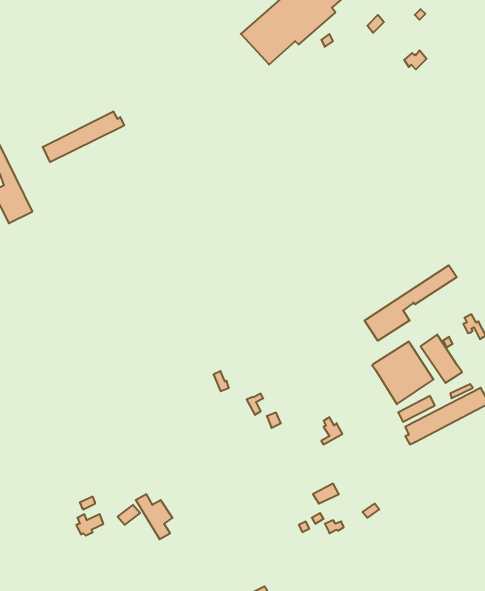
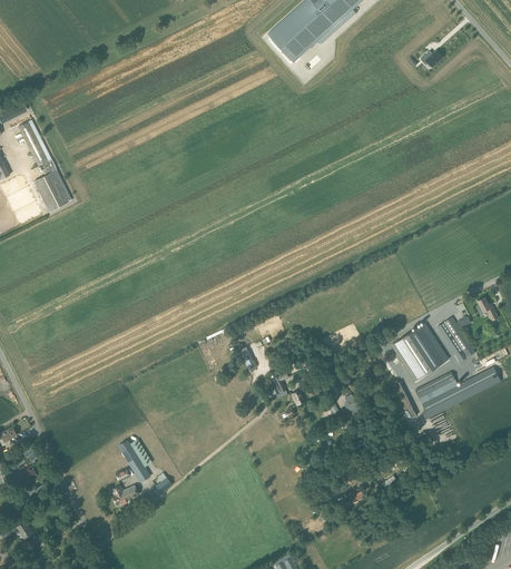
building: [43,111,124,162] -> none
building: [365,265,457,341] -> none
building: [136,494,173,539] -> [118,439,153,481]

